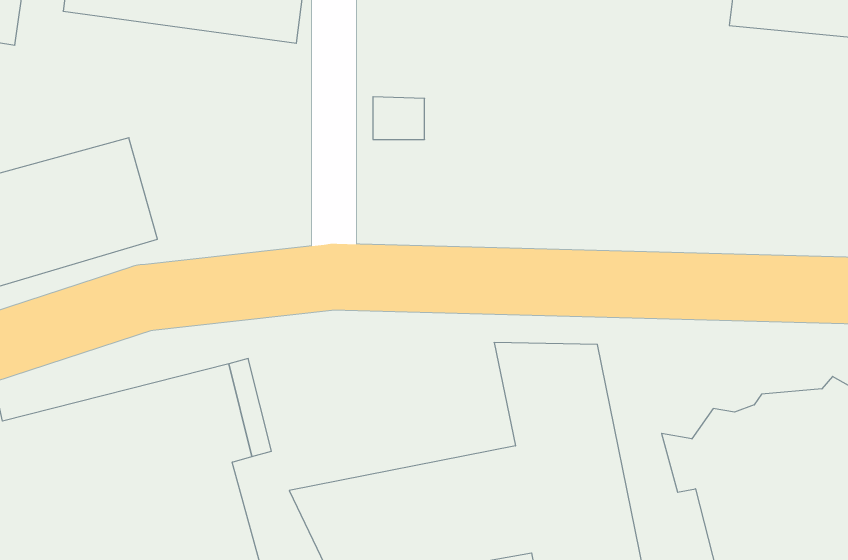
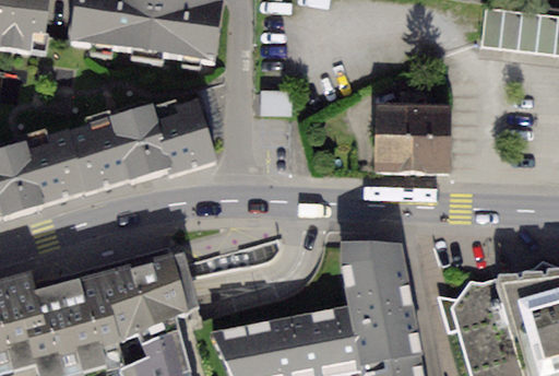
building: none -> [111,97,217,178]
building: none -> [376,104,451,174]

